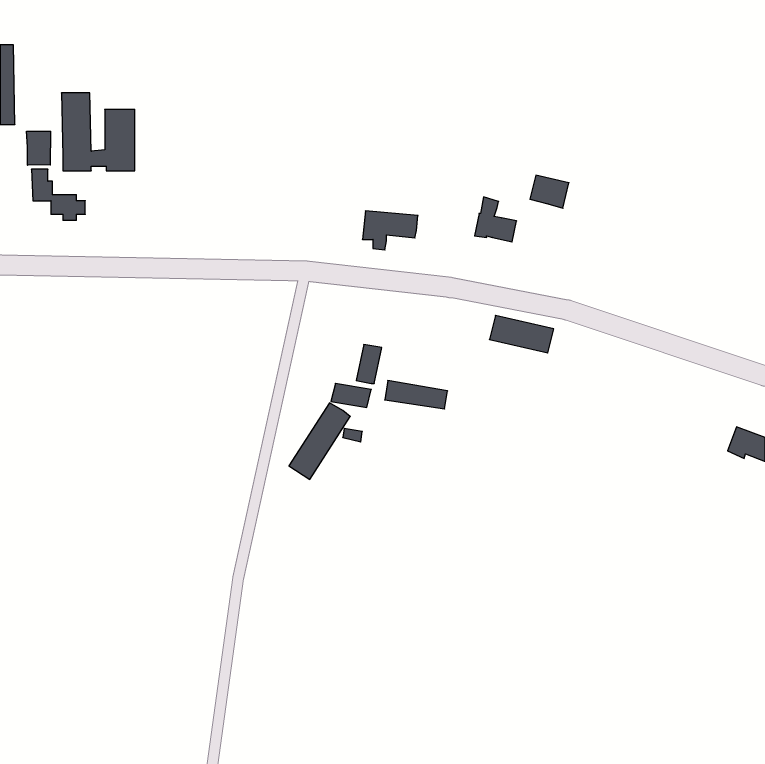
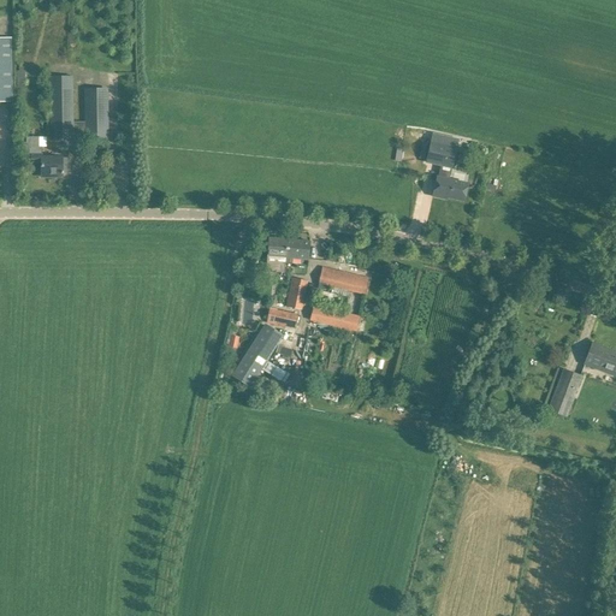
building: [27,131,51,165] -> none
building: [475,197,517,242] -> [433,164,467,200]
building: [362,211,418,250] -> [266,237,310,268]
building: [489,315,554,353] -> [318,265,369,295]
building: none -> [549,368,581,415]

